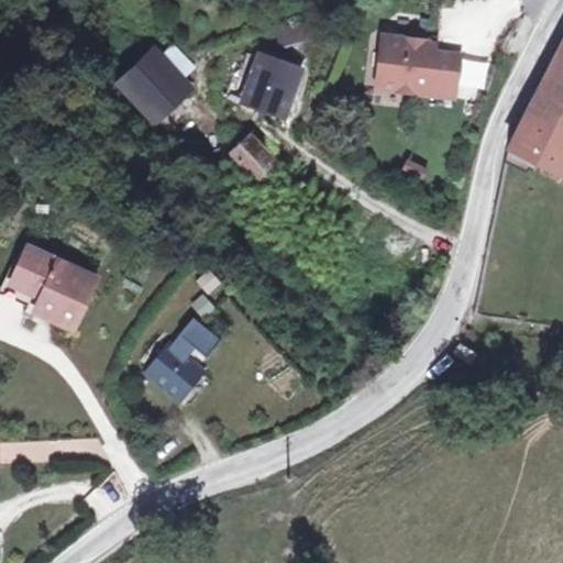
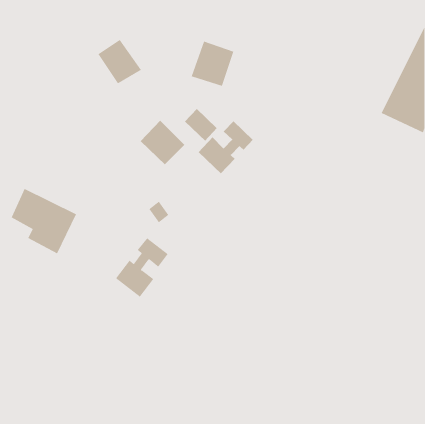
building: [374,36,452,93] -> none
building: none -> [140,120,185,165]
building: none -> [198,121,253,174]

